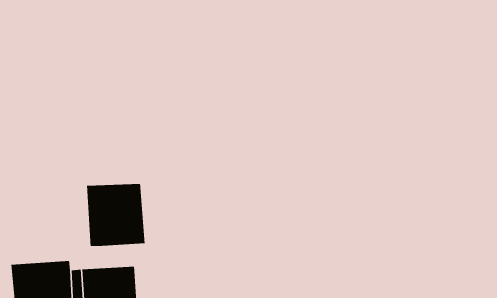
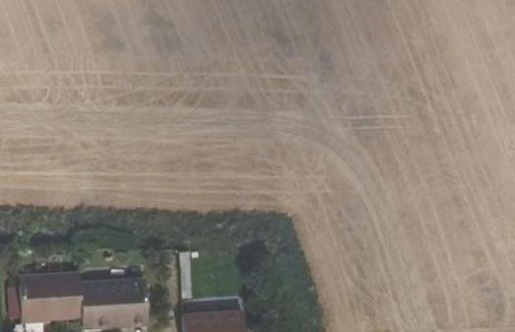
building: [86,183,145,247] -> none

